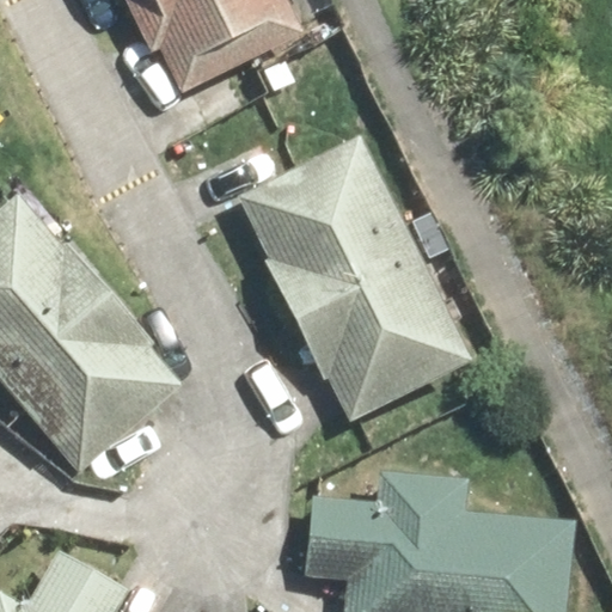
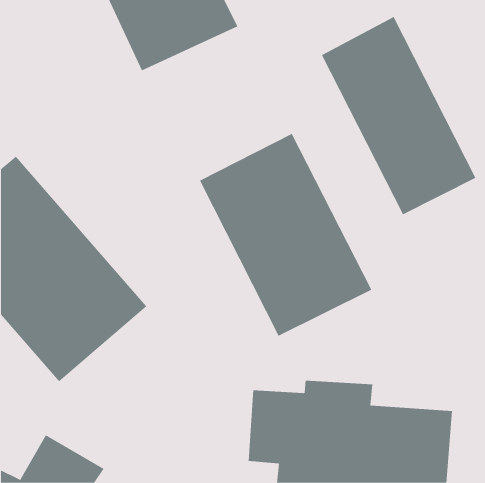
building: none -> [321,16,476,215]

